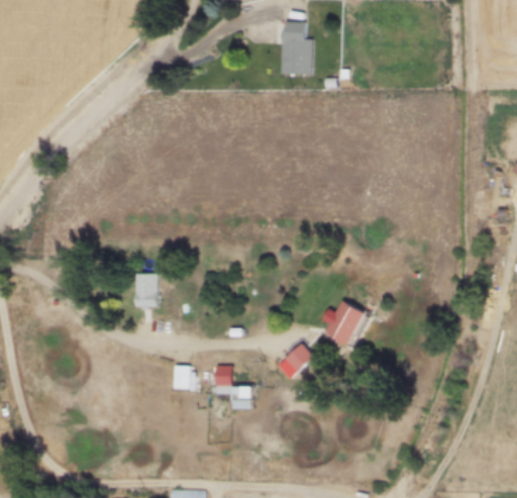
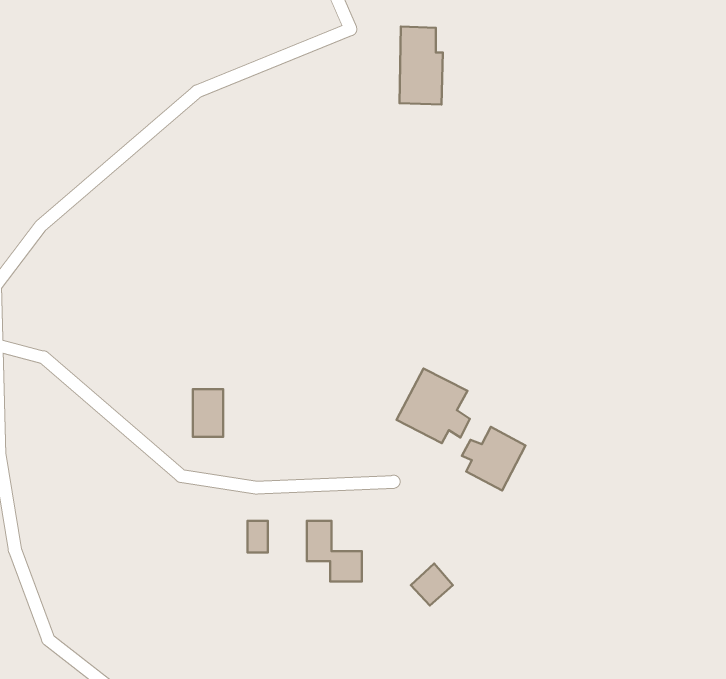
building: none -> [397,369,470,443]
building: [286,343,315,373] -> [411,564,453,605]

